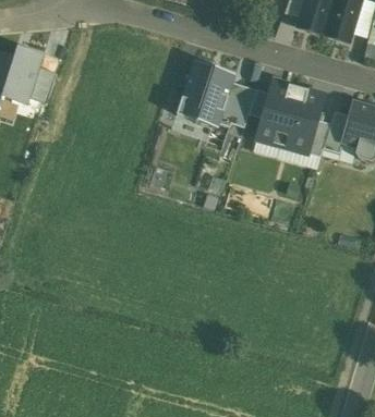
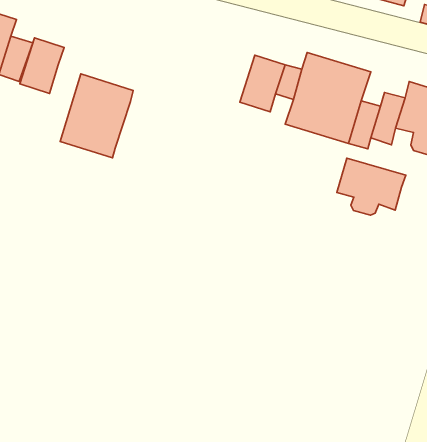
building: [177,60,234,126] -> [60,74,133,158]
building: none -> [20,38,64,94]
building: none -> [337,158,406,215]

